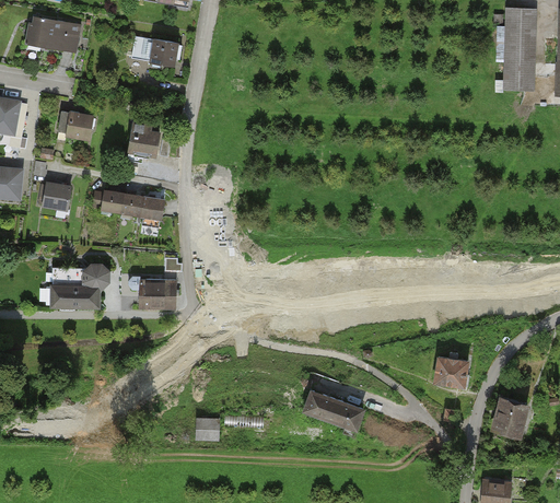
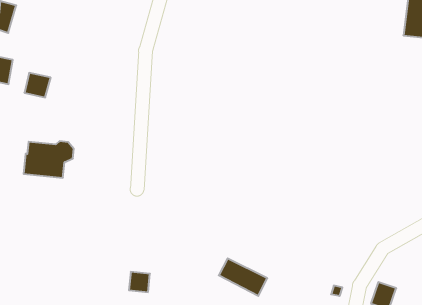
building: [63,109,95,141] -> none
building: [127,125,161,156] -> none
building: [103,191,165,218] -> none
building: [139,279,177,309] -> none
building: [433,354,469,387] -> none

